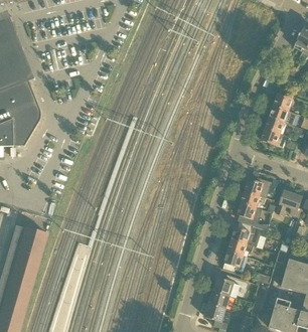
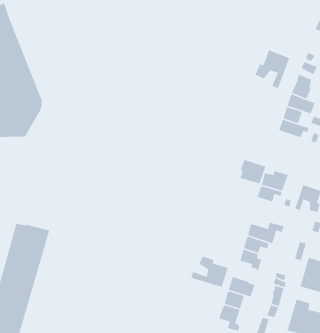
building: none -> [255,49,290,89]
building: [239,201,264,225] -> [240,159,266,184]
building: none -> [190,256,229,288]

